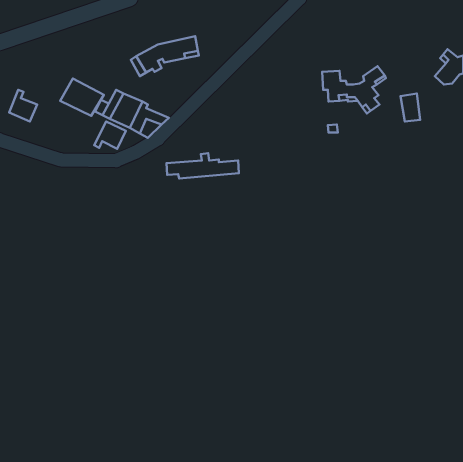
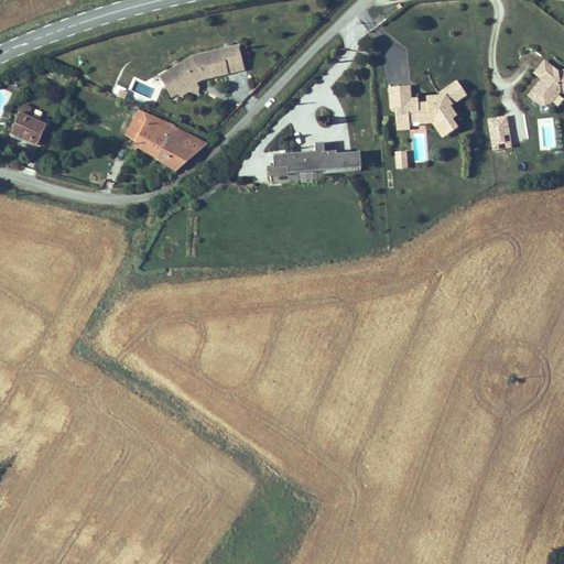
building: [60,78,104,116] -> none
building: [94,122,126,149] -> none
building: [166,153,239,179] -> [275,143,364,174]

